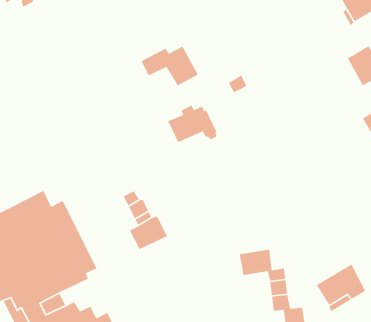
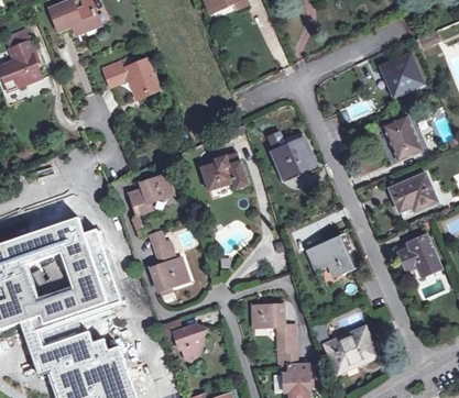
building: [141,45,199,87] -> [101,58,156,98]
building: none -> [274,132,312,175]
building: none -> [128,174,171,213]
building: none -> [306,232,356,274]
building: none -> [160,316,206,358]

